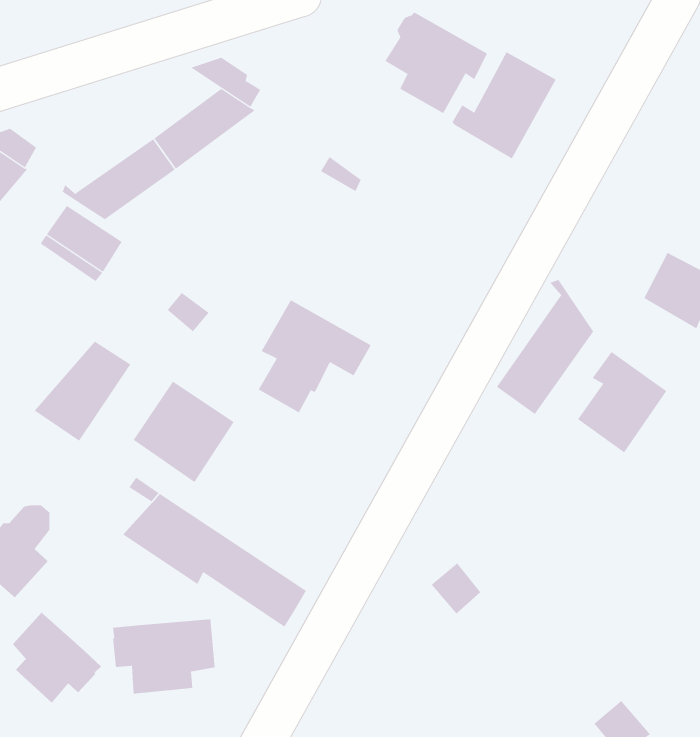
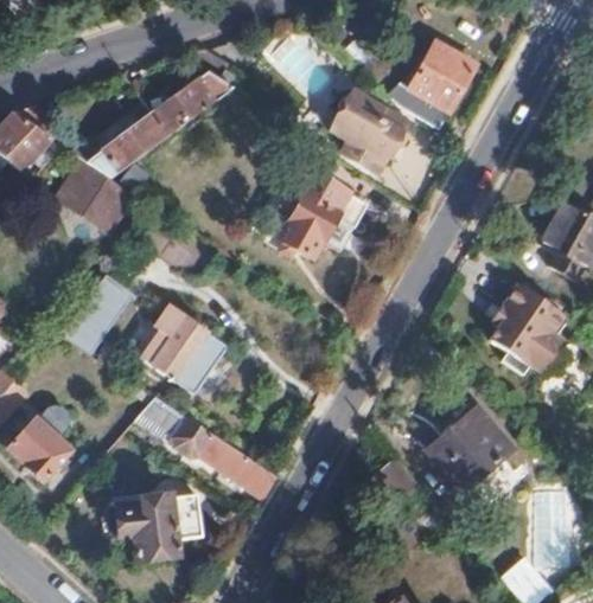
building: [385,12,488,114] -> [331,88,414,169]
building: [496,279,594,415] -> none
building: [258,299,372,413] -> [276,166,368,257]
building: none -> [431,404,516,486]
building: [12,612,102,704] -> none
building: none -> [535,499,572,564]

